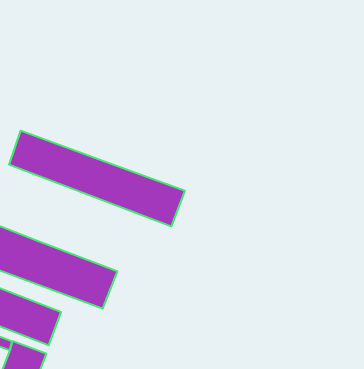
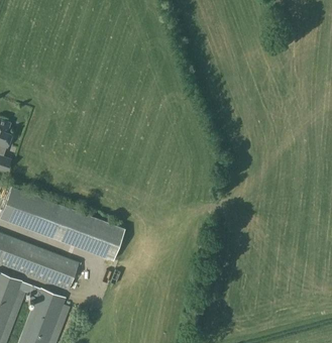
building: [9,131,185,226] -> none

